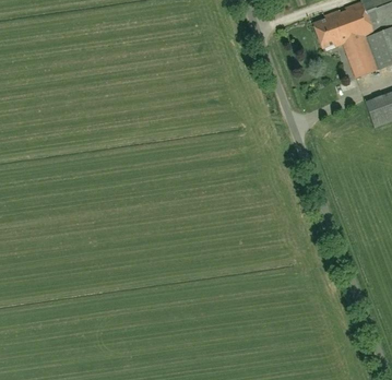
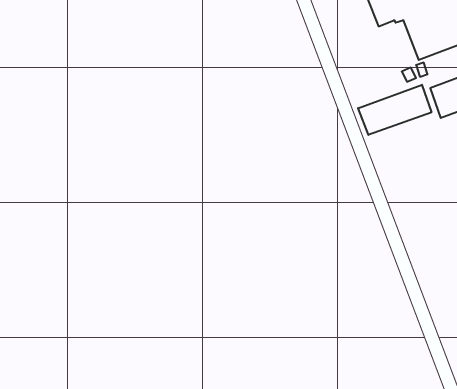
building: none -> [358,85,431,135]

